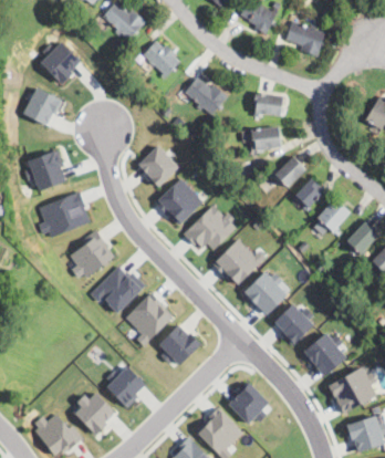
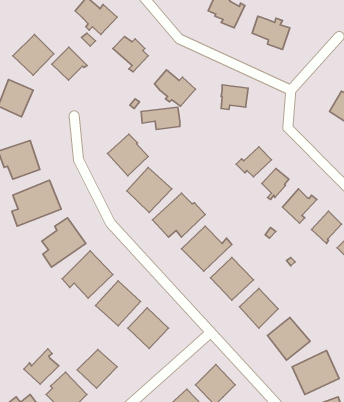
building: none -> [52,47,87,80]
building: [241,127,281,150] -> [141,107,180,130]
building: none -> [24,349,59,384]

